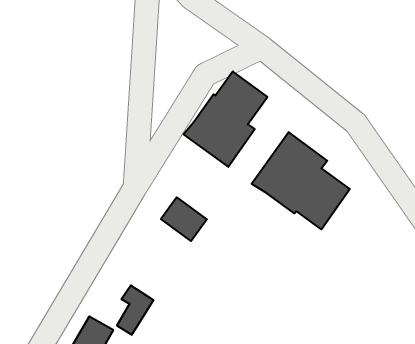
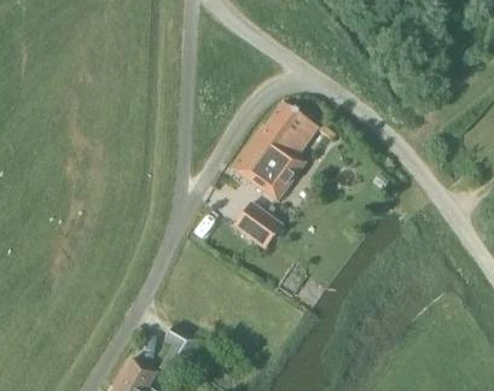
building: [252,132,350,229] -> none
building: [161,197,207,241] -> [233,202,281,247]

